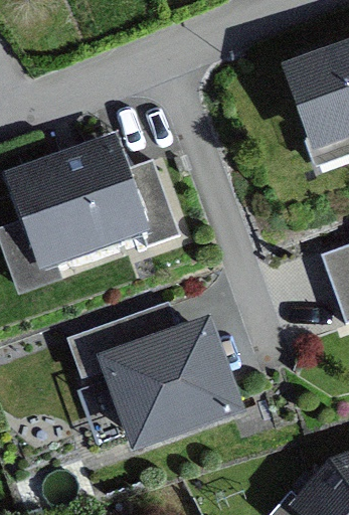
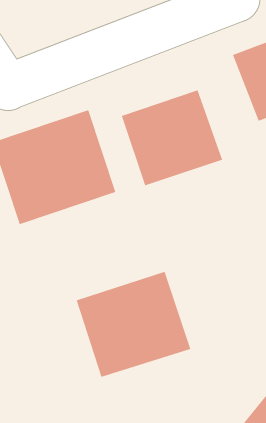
building: none -> [121,90,223,186]

